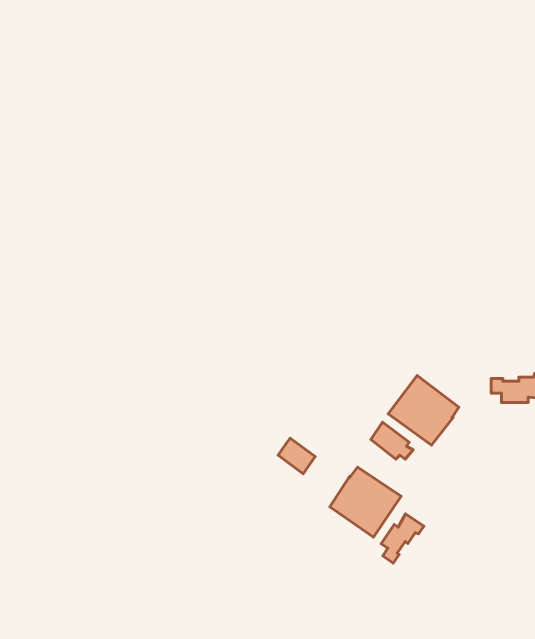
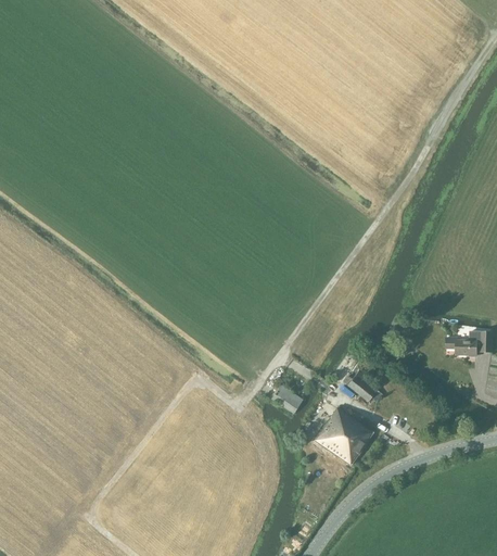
building: [388,375,459,445] -> none
building: [381,514,424,563] -> none

